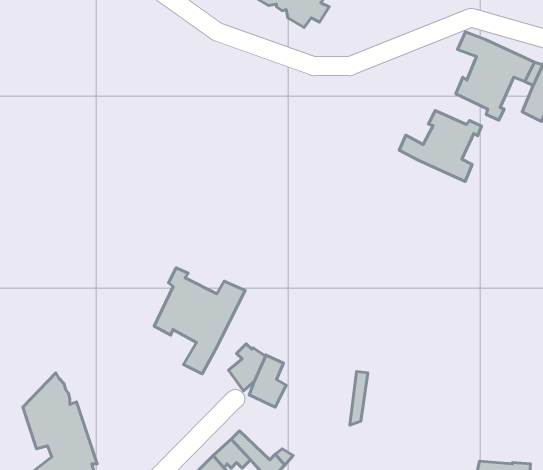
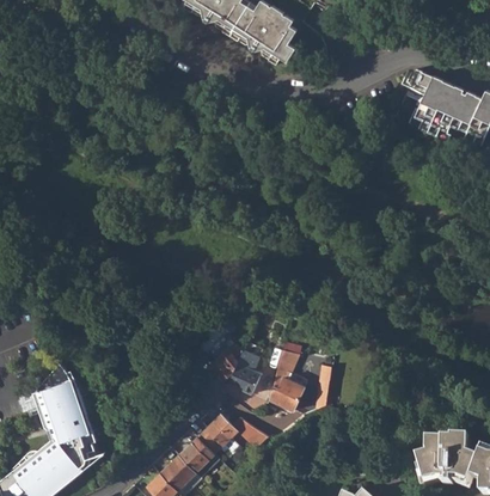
building: [399,111,481,182] -> none
building: [154,268,245,374] -> none
building: none -> [268,345,302,410]

